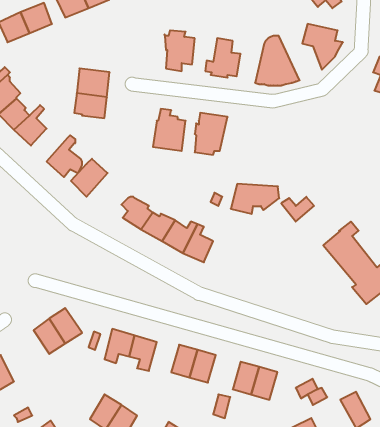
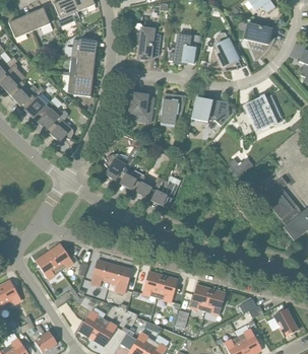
building: none -> [71,39,97,61]
building: none -> [243,95,284,133]
building: [71,159,108,197] -> [34,100,62,130]
building: [231,184,279,214] -> [191,98,229,122]

